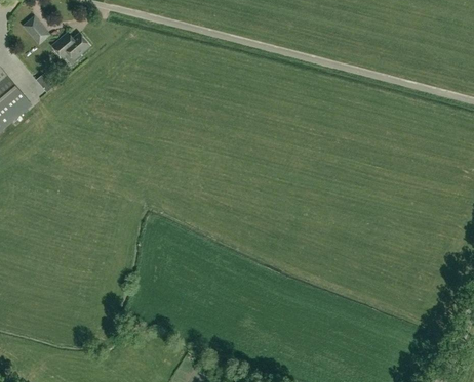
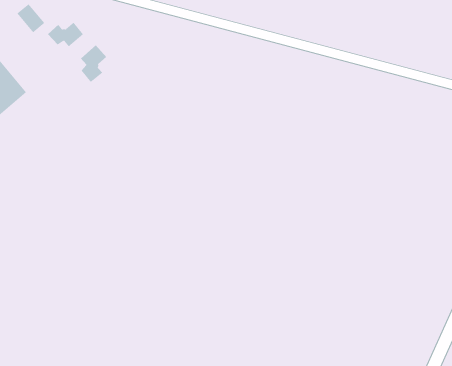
building: none -> [80,45,107,83]

